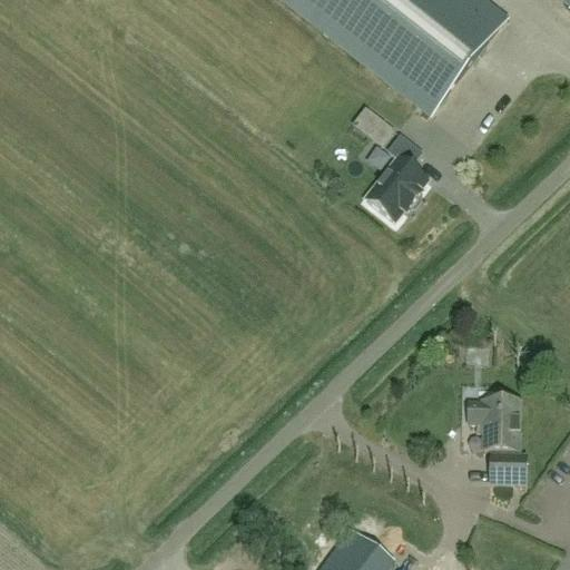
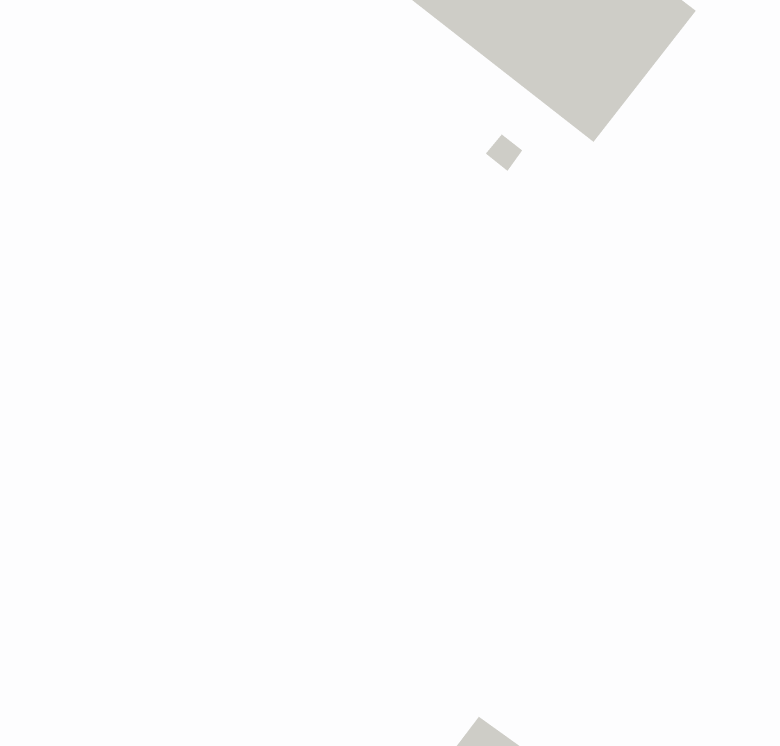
building: [365,135,425,220] -> none
building: [466,400,524,483] -> none

